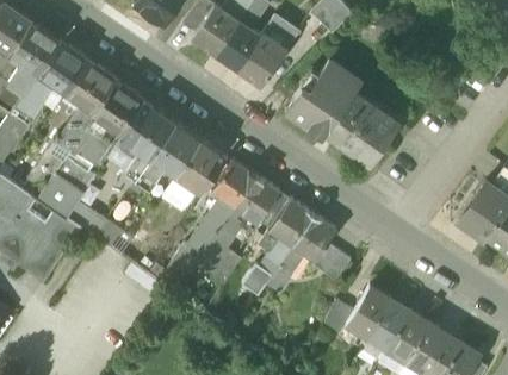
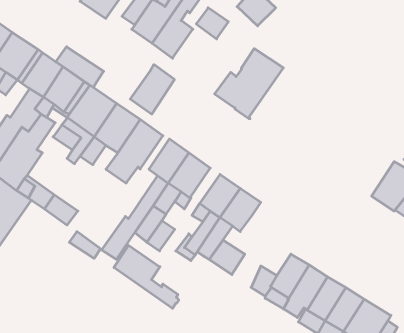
building: [238,32,287,87] -> [130,65,174,114]
building: none -> [56,47,104,87]
building: [323,93,397,162] -> none
building: [311,244,351,282] -> [209,240,245,275]
building: none -> [114,245,179,308]

